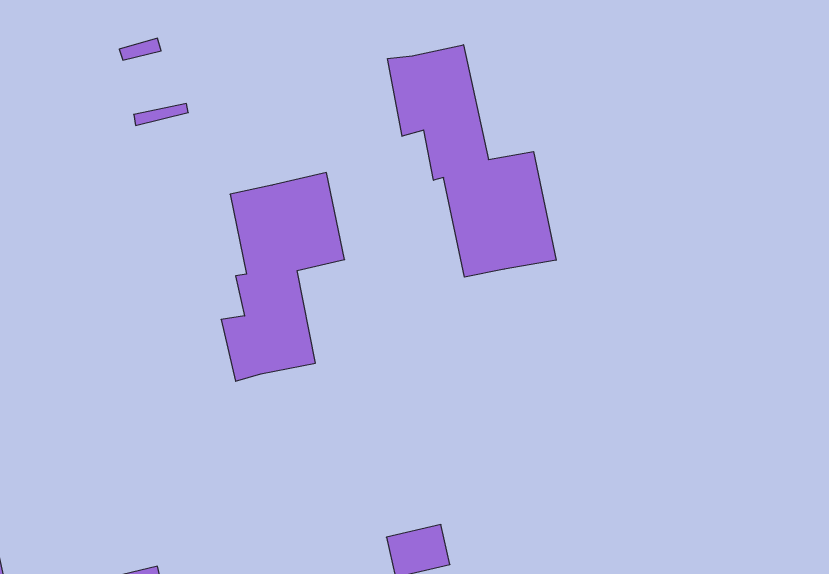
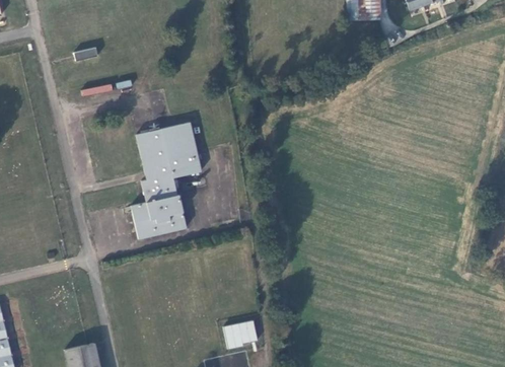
building: [388,45,556,277] -> none

